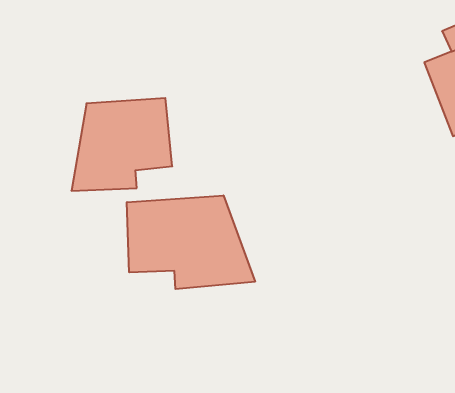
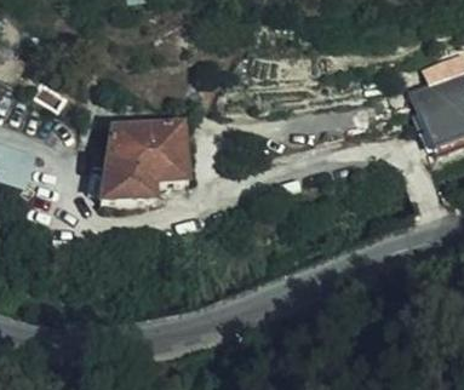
building: [127,195,255,289] -> none

